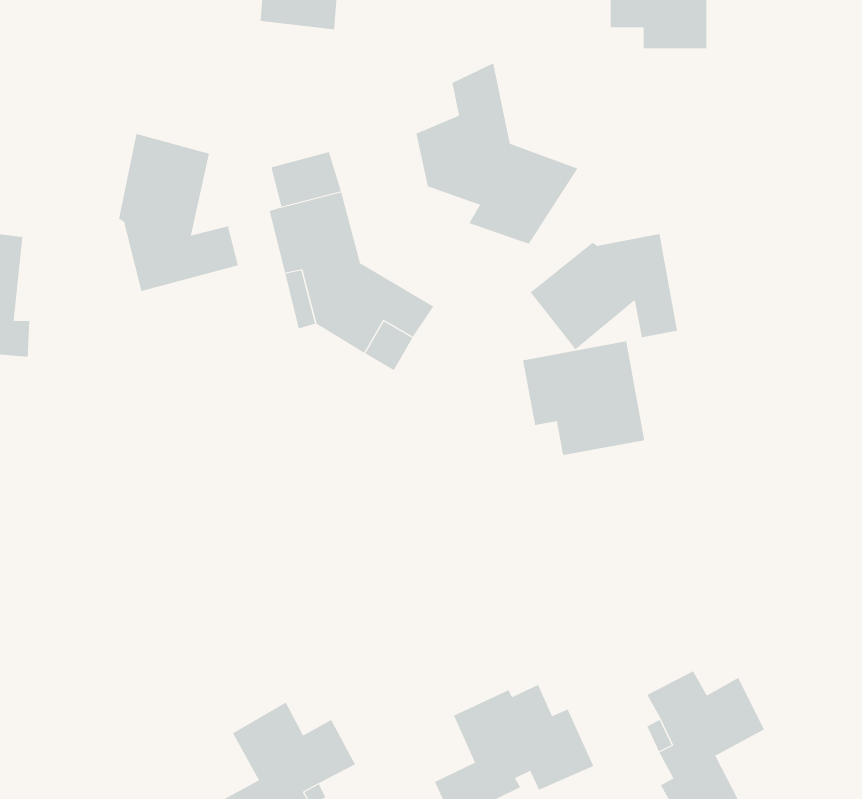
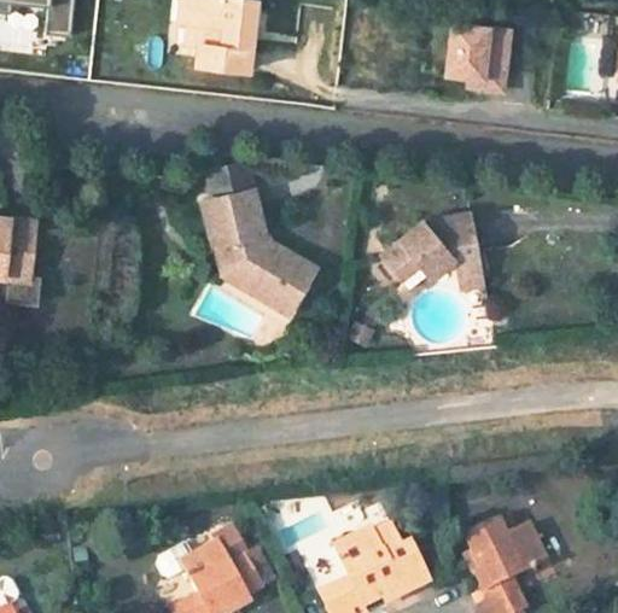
building: [416,63,578,244] -> none
building: [118,133,239,292] -> none
building: [523,341,645,456] -> none

